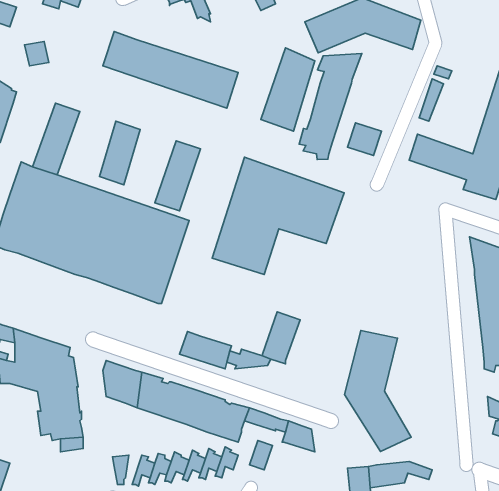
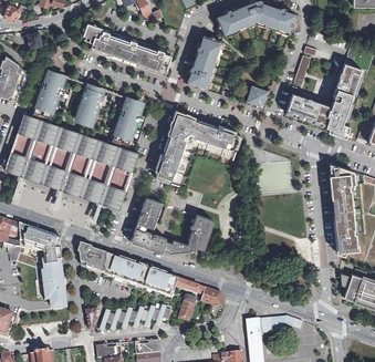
building: [299,53,362,159] -> none
building: none -> [138,197,164,228]
building: [345,330,411,451] -> none

